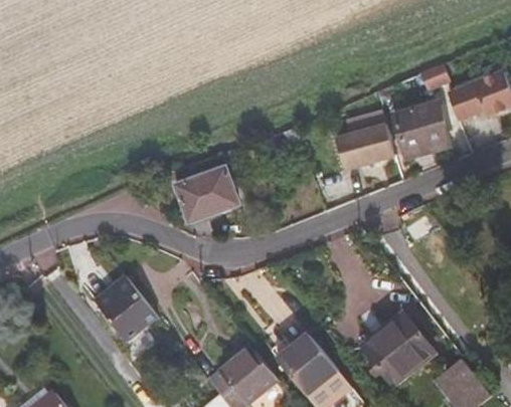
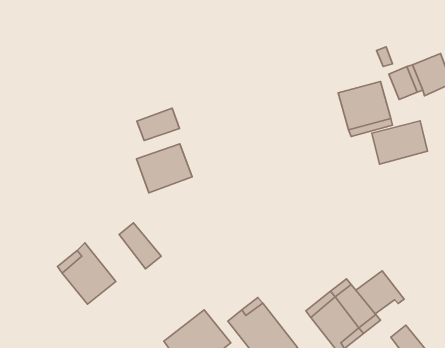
building: [335,125,394,171] -> [372,121,428,164]
building: none -> [137,108,179,141]
building: none -> [119,223,161,269]
building: none -> [356,271,404,314]

